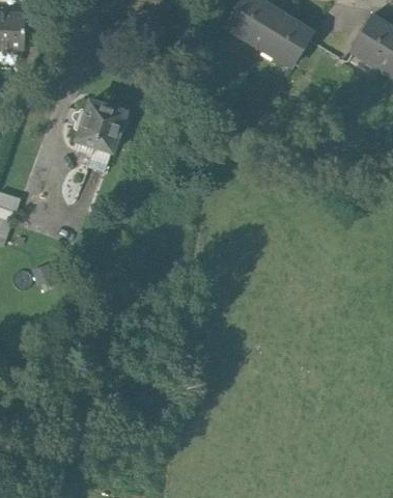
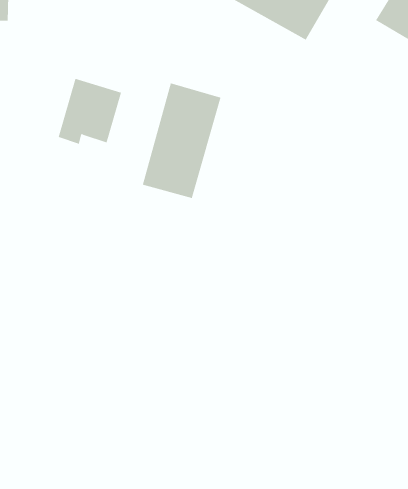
building: none -> [142,82,221,199]

